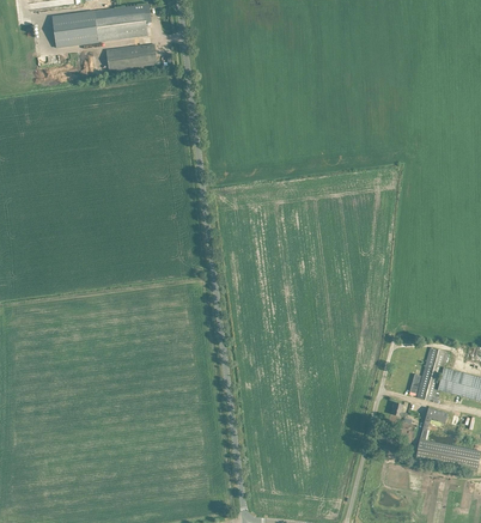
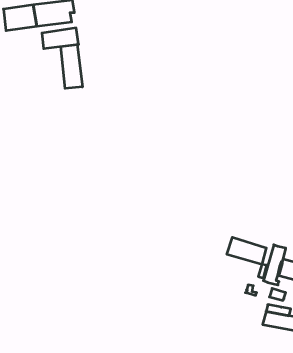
building: none -> [61,44,82,88]
building: none -> [227,237,266,264]

